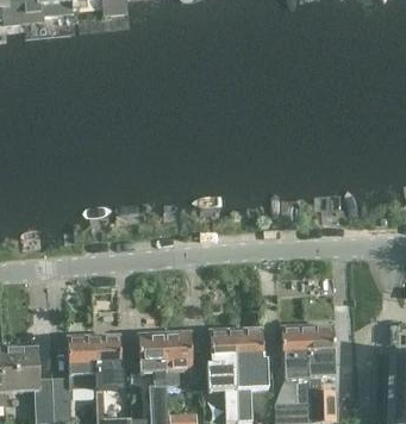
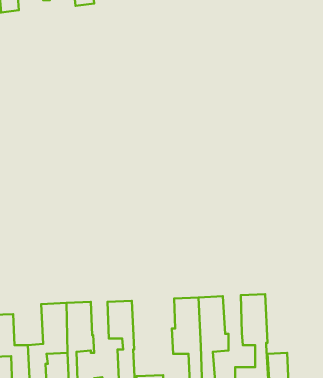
building: [307,324,337,378] -> none
building: [164,330,193,385] -> none

